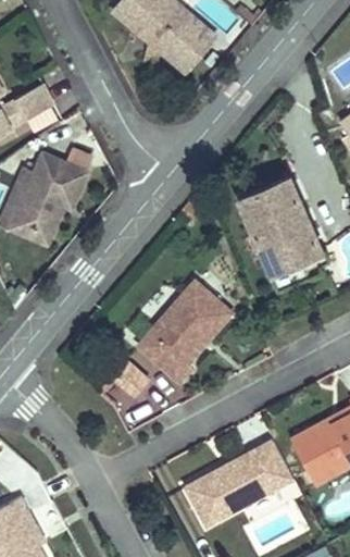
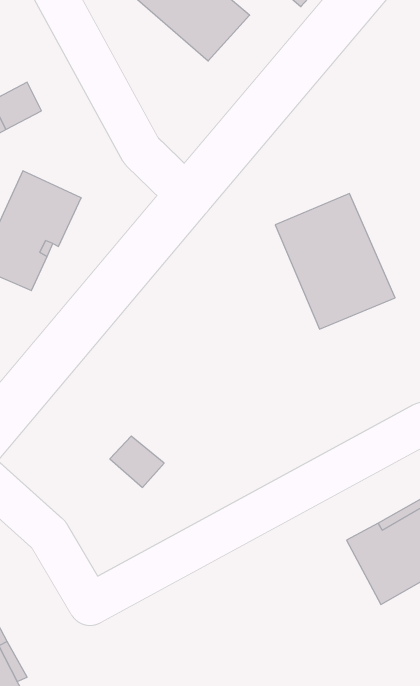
building: [134,277,233,384] -> none
building: [182,438,292,528] -> none

